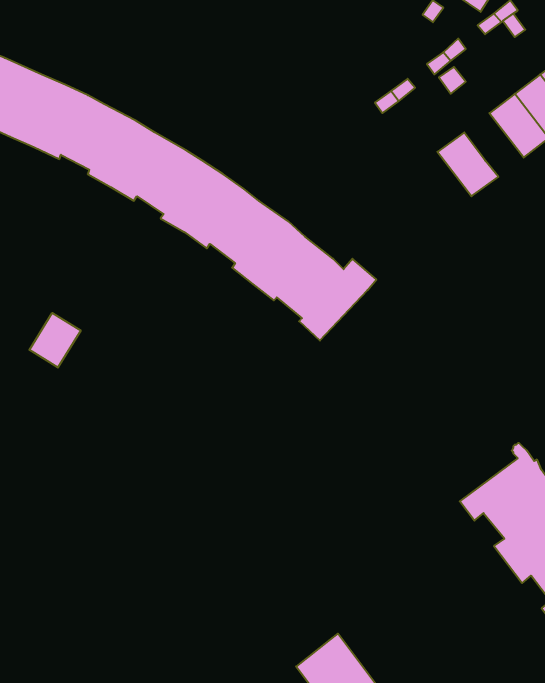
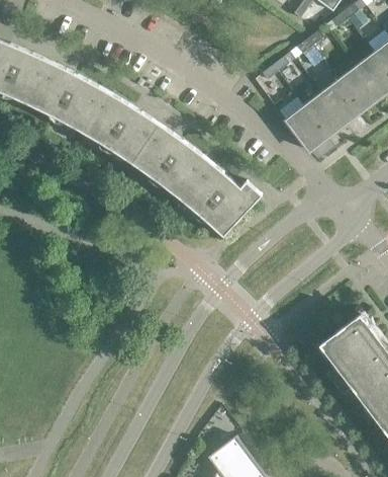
building: none -> [321,81,362,125]
building: none -> [285,107,326,152]
building: [29,313,81,368] -> none

